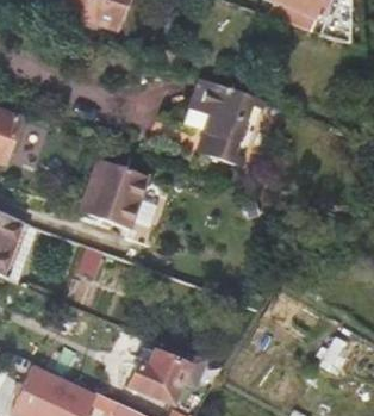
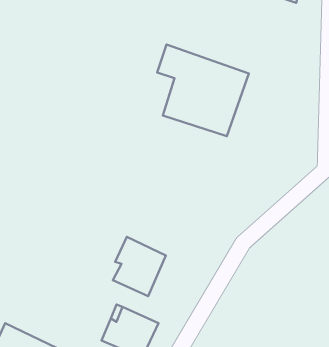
building: [81,157,150,228] -> none
building: none -> [113,237,166,296]

